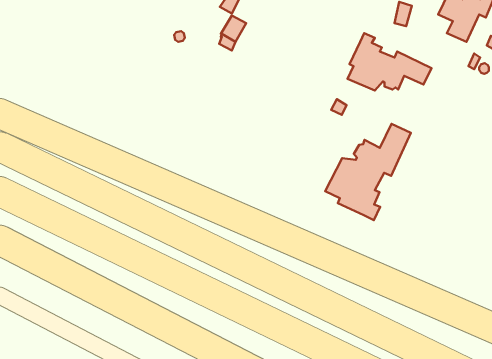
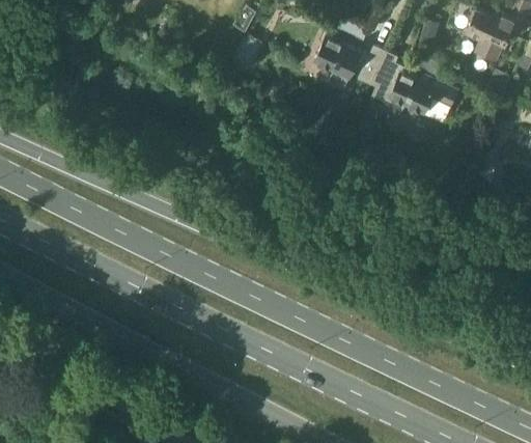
building: none -> [315,31,388,88]
building: [325,124,411,220] -> none

